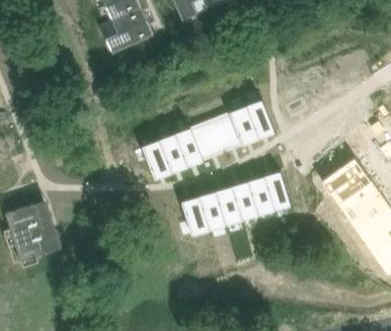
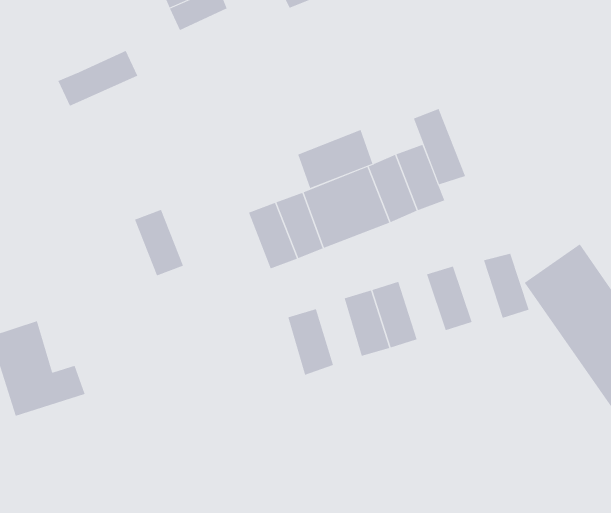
building: [106,19,154,53] -> [58,50,138,107]
building: none -> [413,108,466,185]
building: none -> [298,129,373,189]
building: [143,140,172,179] -> [134,209,184,276]
building: [248,176,276,215] -> [483,253,530,318]
building: [200,190,226,230] -> none

